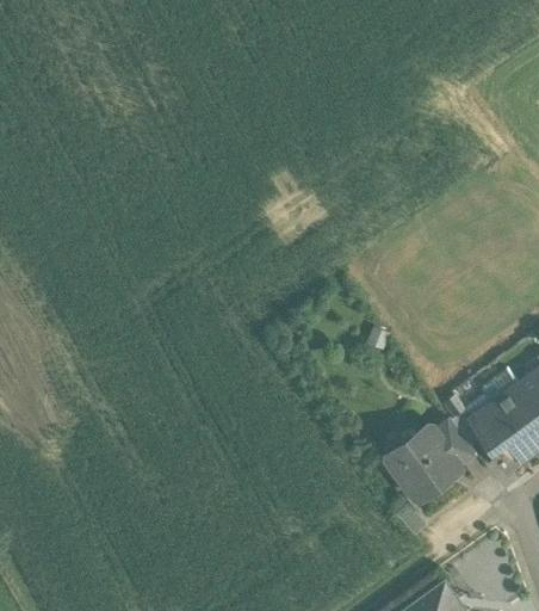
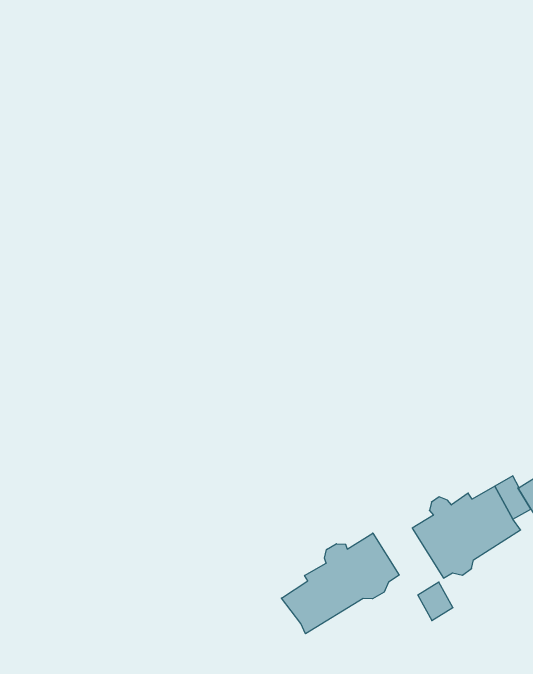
building: none -> [281,533,399,634]

